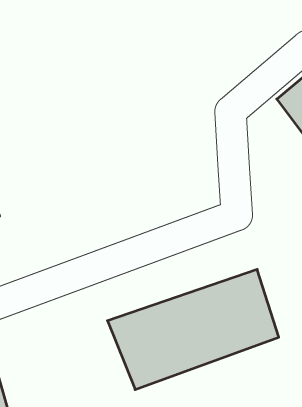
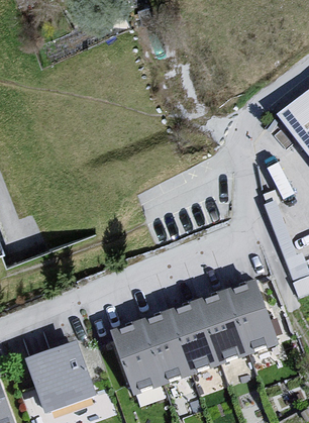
building: none -> [24,342,94,412]

